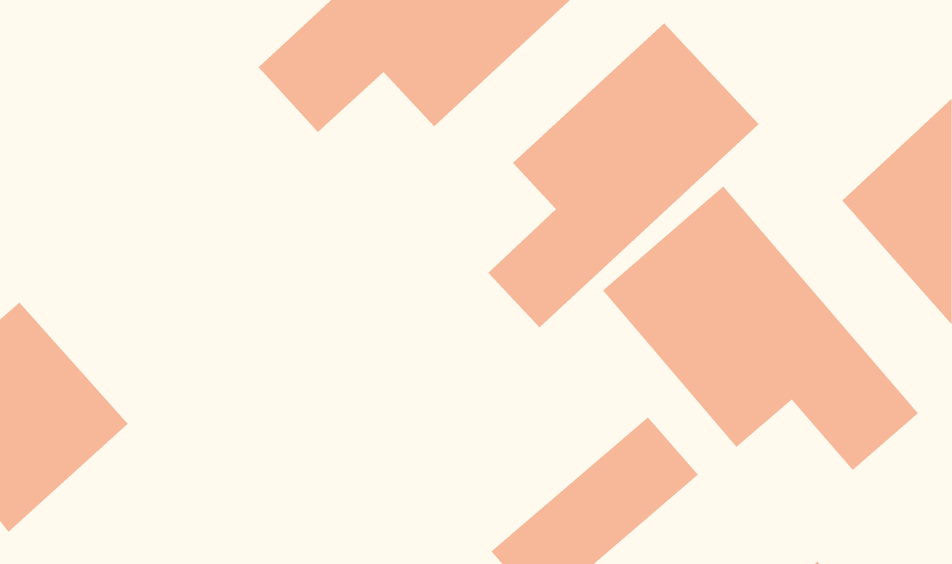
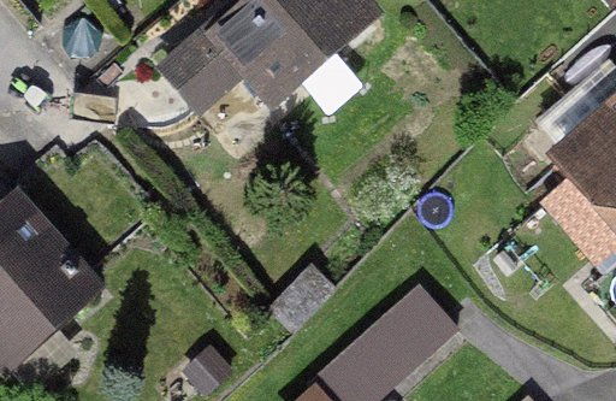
building: [487,22,759,328] -> none
building: [602,185,919,471] -> none

